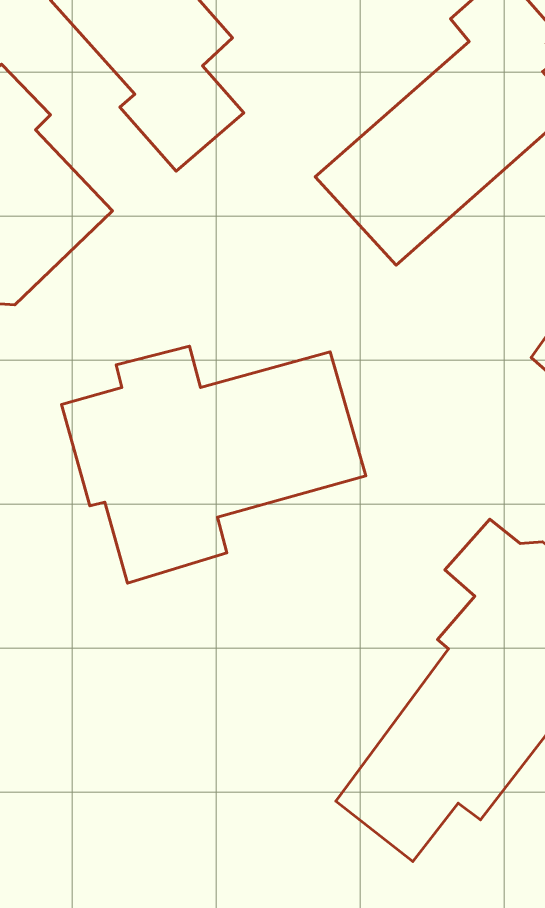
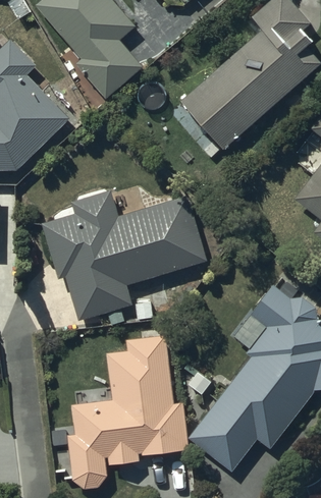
building: none -> [67,337,185,489]

